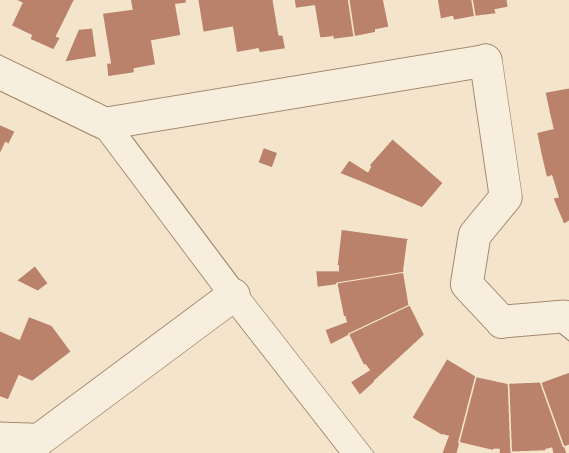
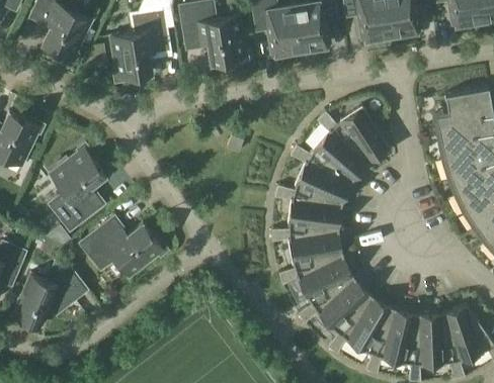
building: none -> [317,107,391,165]
building: none -> [49,145,105,231]
building: none -> [274,163,352,206]
building: none -> [80,217,168,278]
building: none -> [316,278,370,355]

